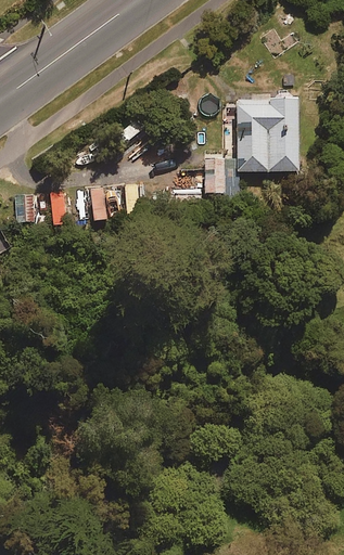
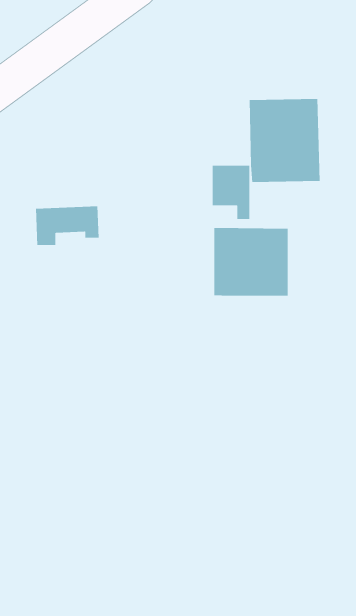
building: none -> [214,227,288,297]

